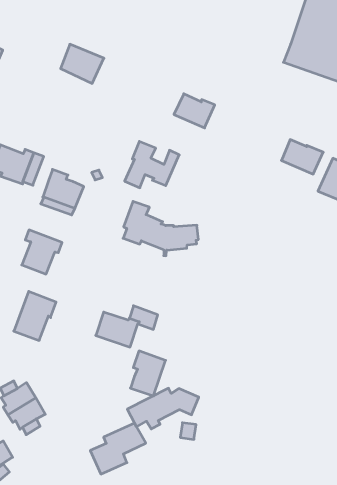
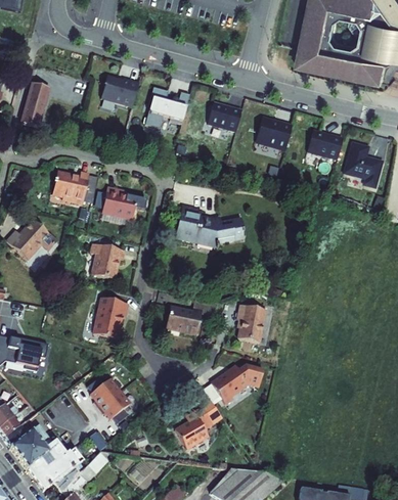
building: none -> [256,118,292,149]
building: [125,141,179,188] -> [144,88,189,129]
building: [130,351,166,396] -> [237,305,265,343]

